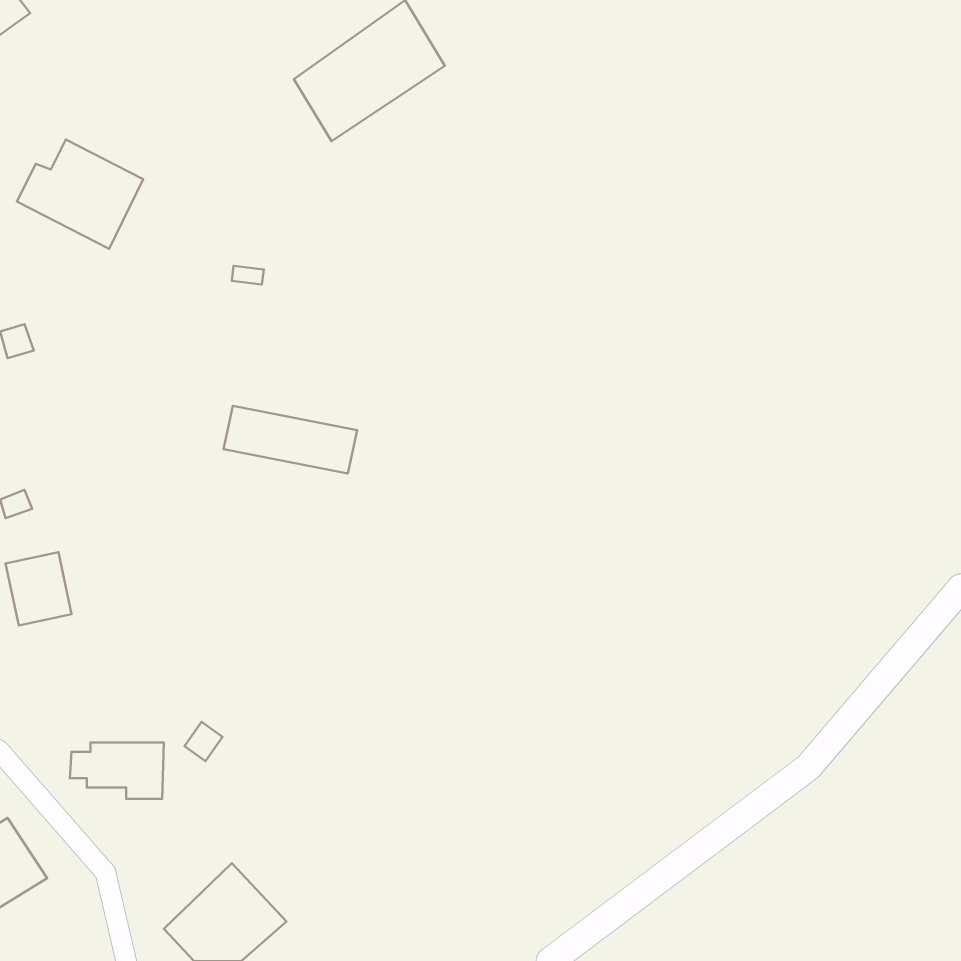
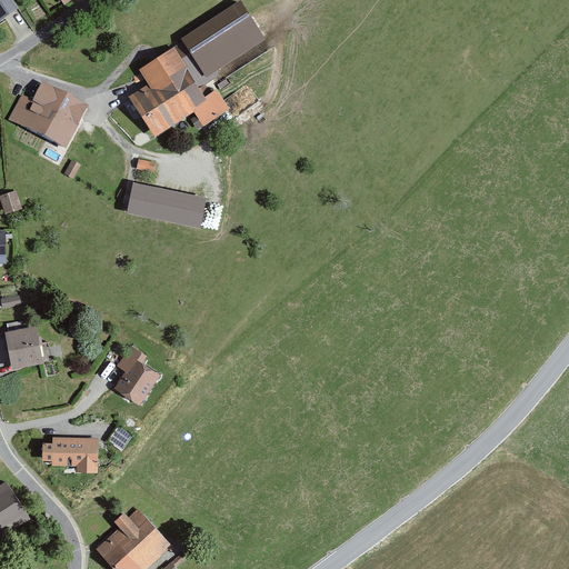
building: none -> [133,47,227,132]
building: [223,406,357,474] -> [127,184,206,224]
building: none -> [112,346,159,406]

